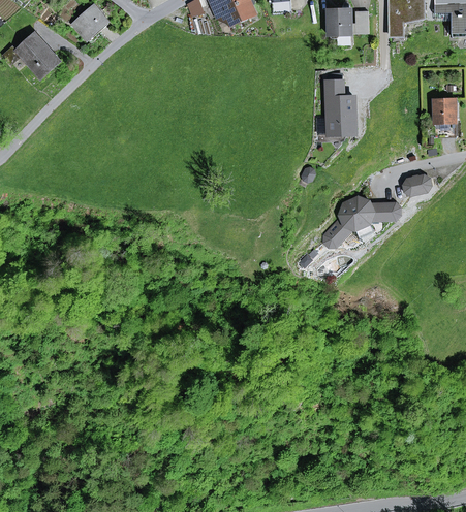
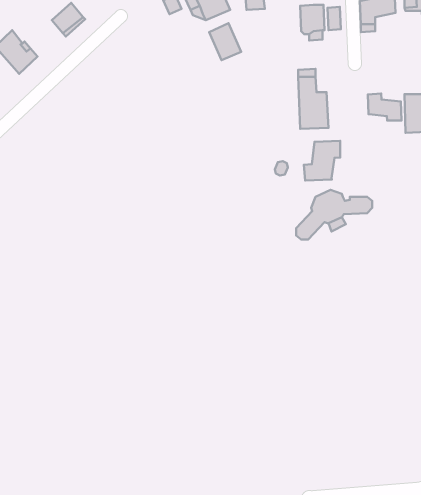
building: none -> [209,23,241,60]
building: none -> [368,94,401,121]
building: none -> [304,141,340,181]
building: [402,174,430,194] -> none

